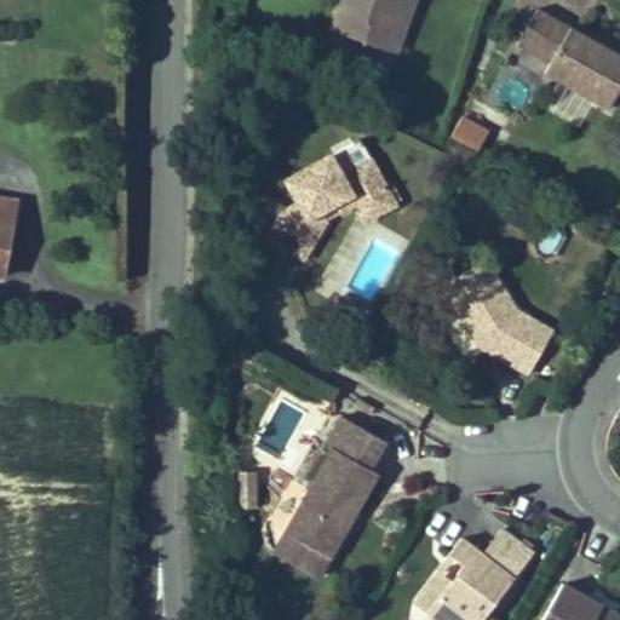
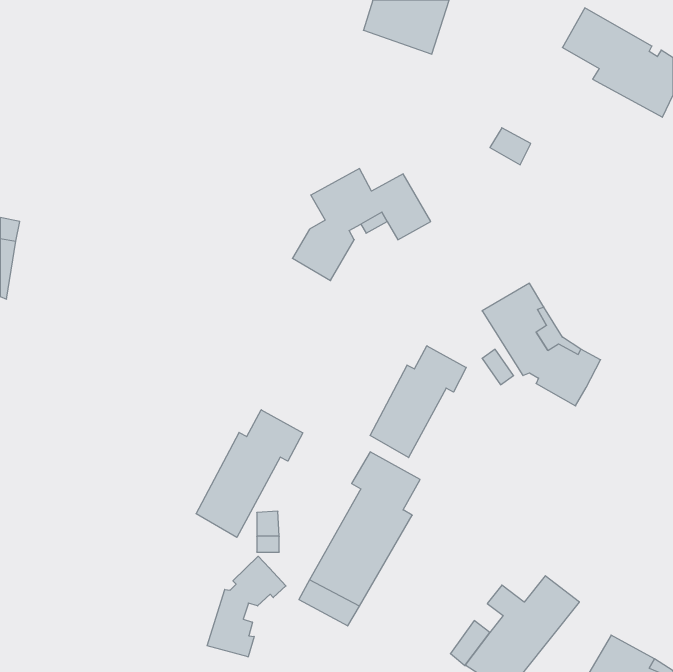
building: none -> [370,346,466,458]
building: none -> [196,410,303,537]
building: none -> [207,556,286,657]

